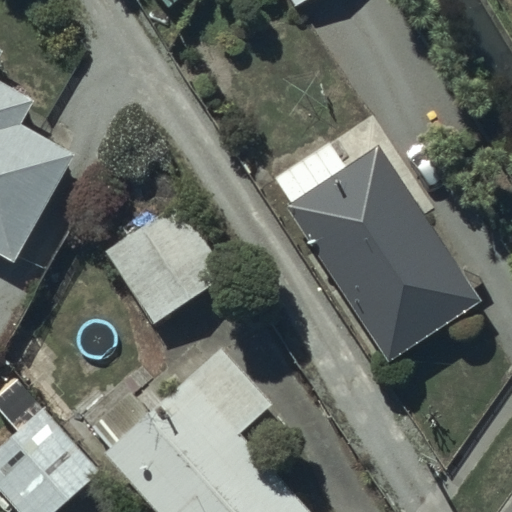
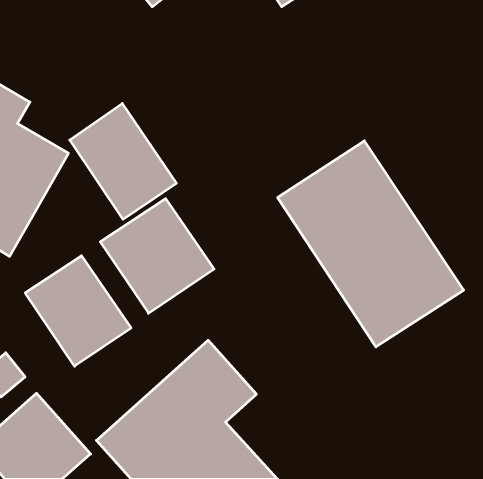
building: none -> [70,103,176,219]
building: none -> [25,256,131,366]

